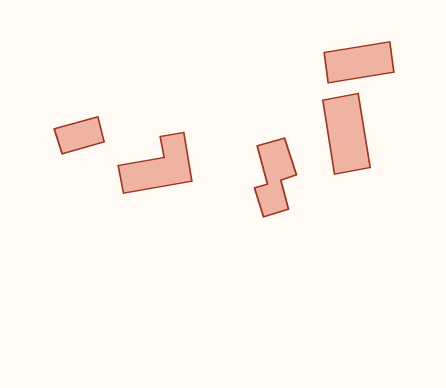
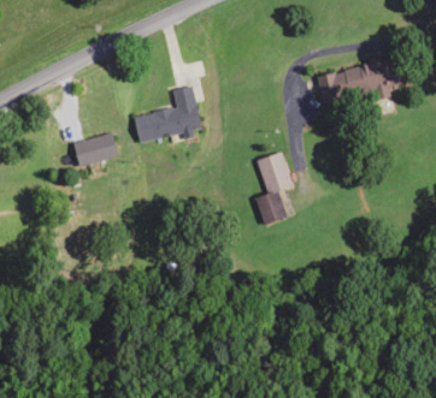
building: [323,93,370,174] -> none
building: [118,133,192,193] -> [135,85,202,141]

